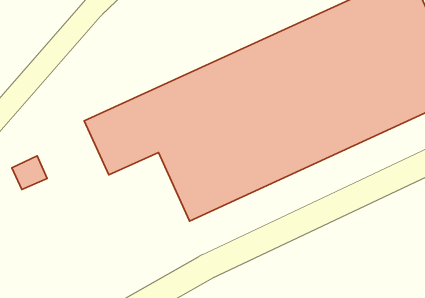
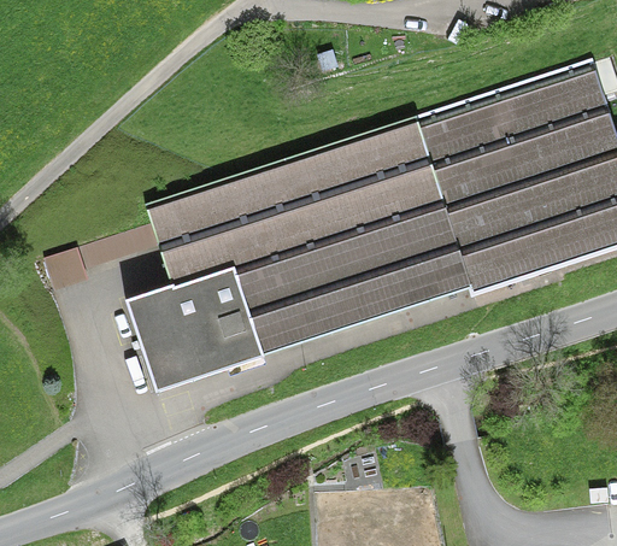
building: none -> [127,259,268,388]

